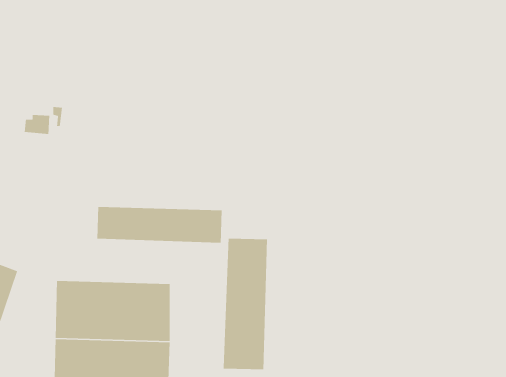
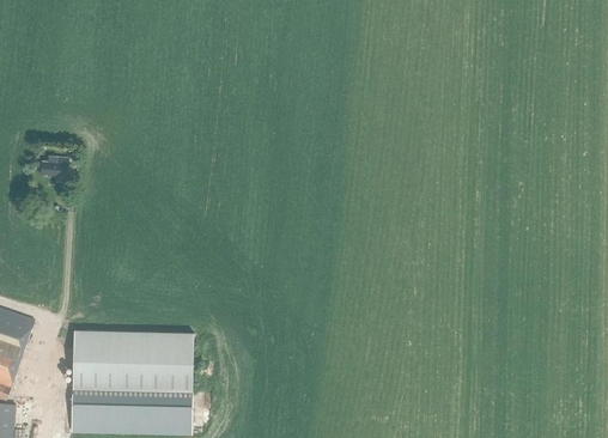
building: [96,206,222,244] -> none
building: [223,238,268,370] -> none

